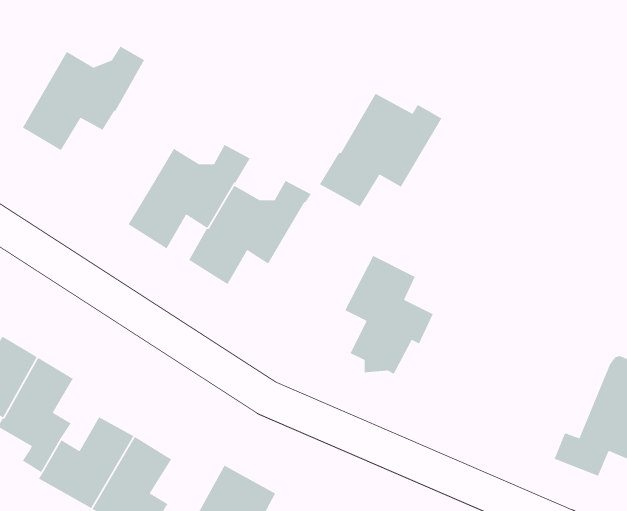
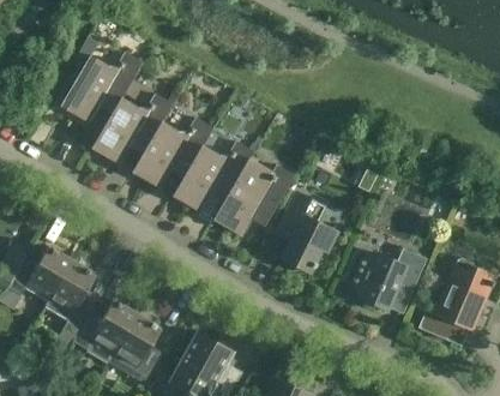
building: [319,91,442,208] -> [212,157,295,235]
building: none -> [91,94,174,164]
building: none -> [348,248,426,311]

